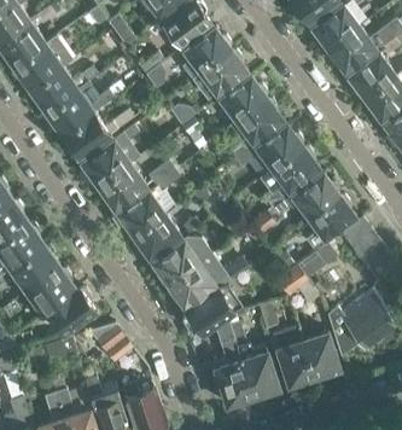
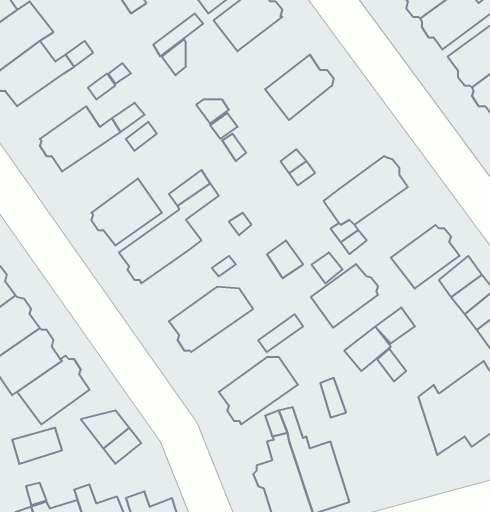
building: [200,50,247,95] -> none
building: [45,89,94,135] -> none
building: [237,98,284,144] -> none
building: [256,126,303,170] -> none
building: [81,140,130,187] -> none
building: [292,174,339,219] -> [311,264,378,328]
building: [133,214,181,258] -> none
building: [168,263,215,308] -> none
building: [273,329,340,387] -> none

